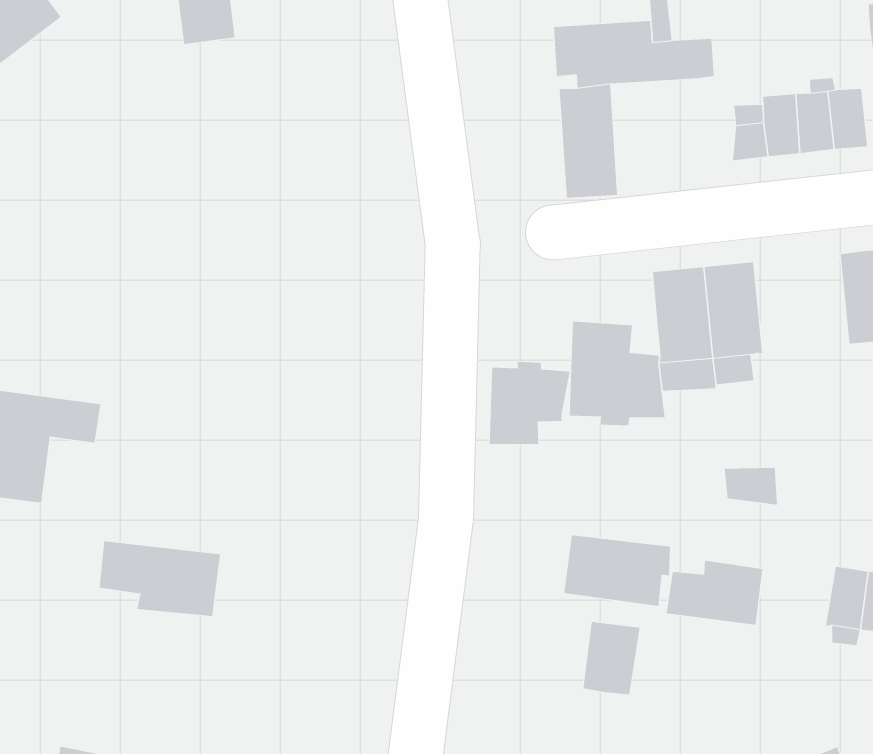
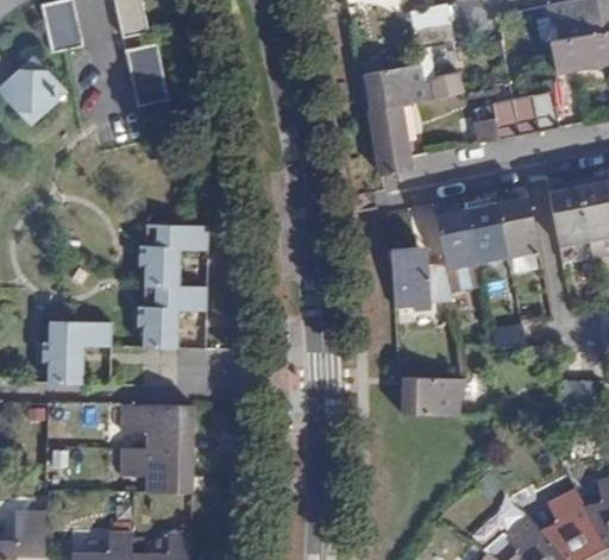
building: none -> [142,227,207,350]
building: none -> [496,195,538,256]
building: [489,361,570,445] -> none
building: [666,560,763,626] -> none
building: none -> [120,446,192,490]
building: [583,621,640,695] -> none

